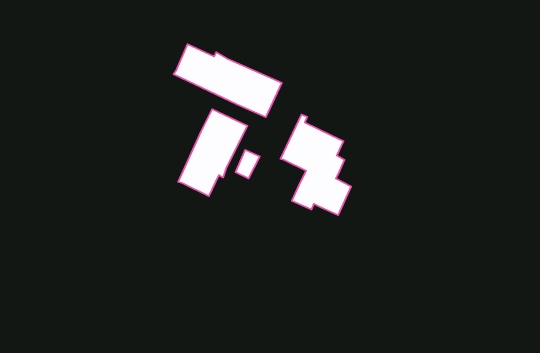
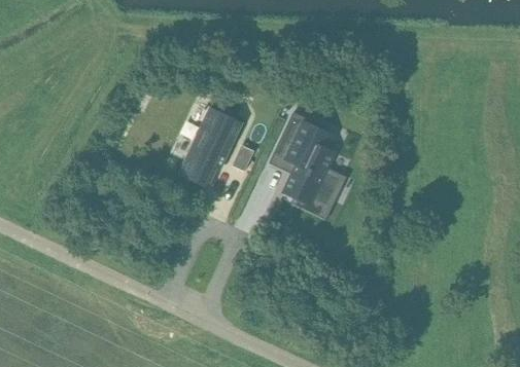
building: [173,44,282,117] -> none

